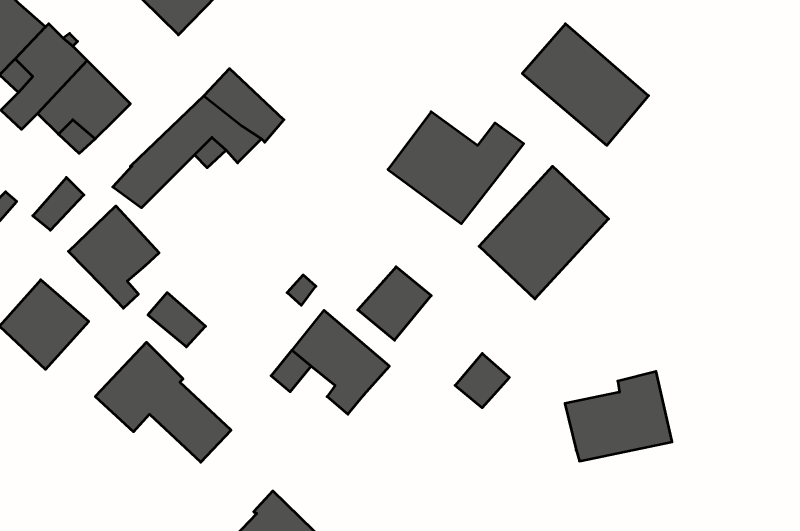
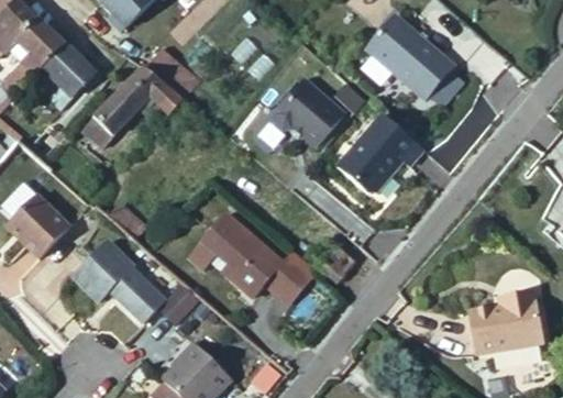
building: [68,206,159,308] -> none
building: [358,267,431,340] -> [255,243,306,294]
building: [565,371,672,461] -> [474,292,548,354]

